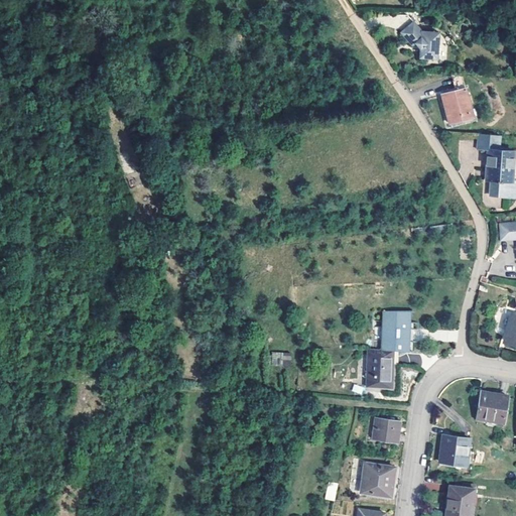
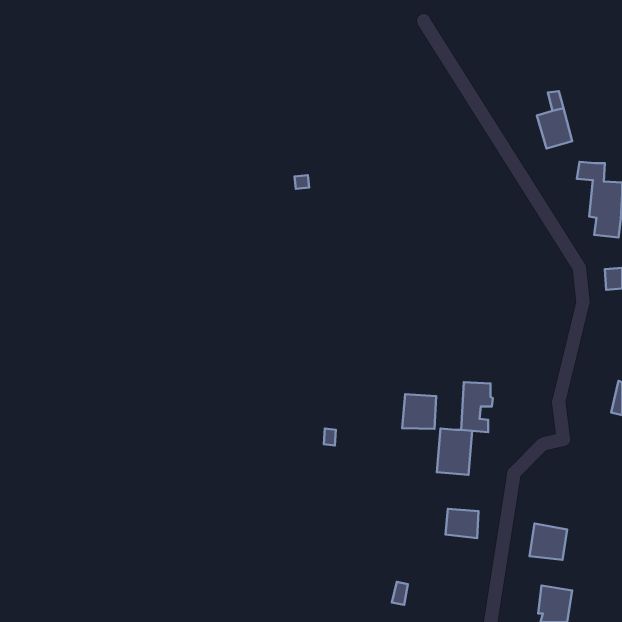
building: [400,21,439,58] -> none
building: none -> [402,394,436,429]
building: [478,390,508,422] -> none
building: [359,467,391,498] -> none

